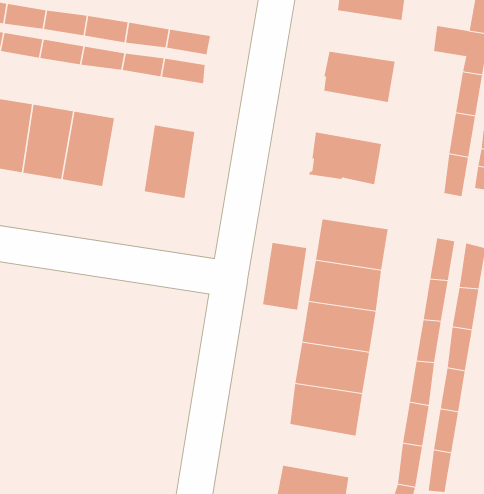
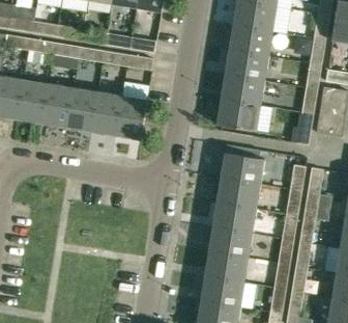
building: none -> [228,25,272,56]
building: none -> [220,74,264,106]
building: none -> [91,90,122,135]
building: [263,242,307,311] -> none
building: none -> [200,276,244,308]

